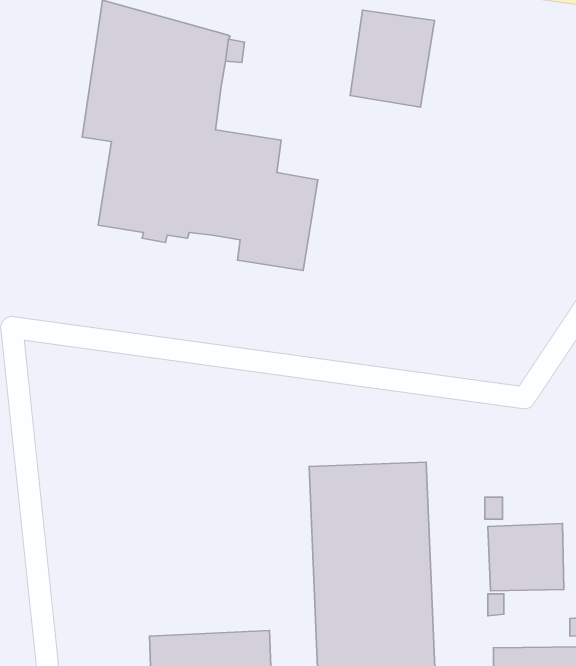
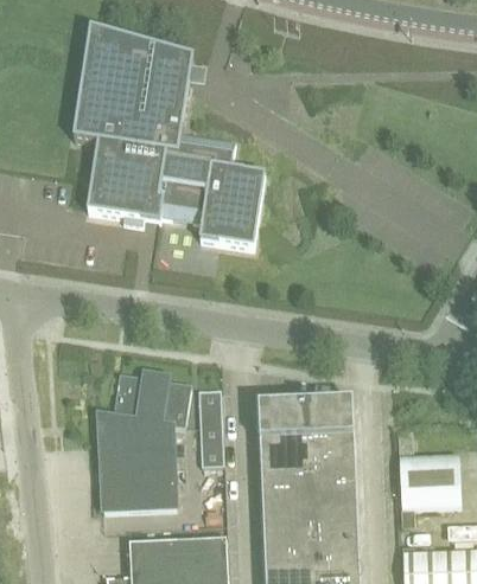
building: [350,10,435,107] -> none
building: none -> [100,373,191,512]
building: none -> [198,390,223,467]

